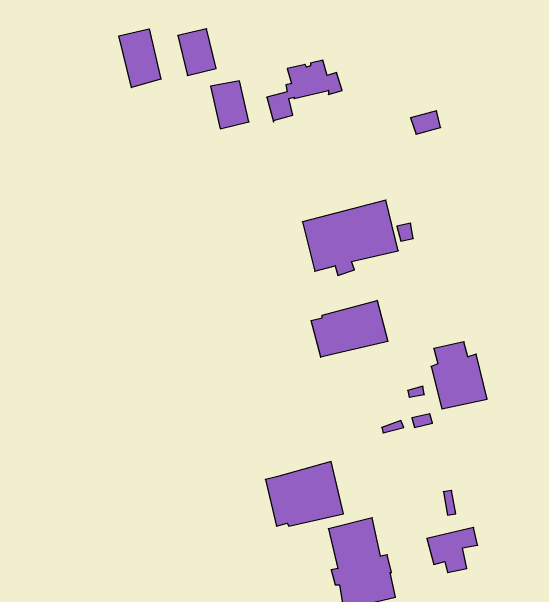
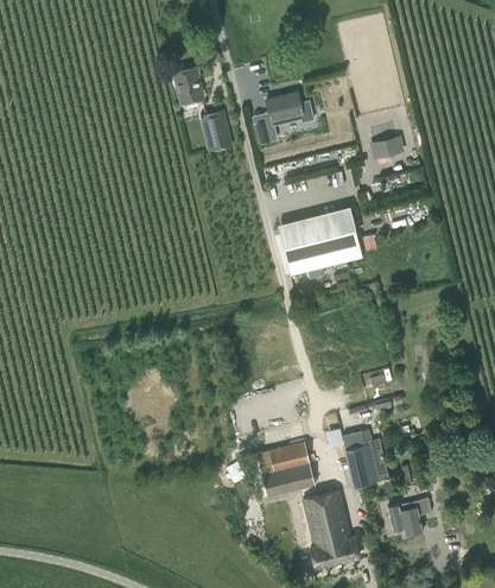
building: [119,29,161,88] -> none
building: [311,300,388,357] -> none
building: [431,342,487,409] -> [339,429,388,487]

